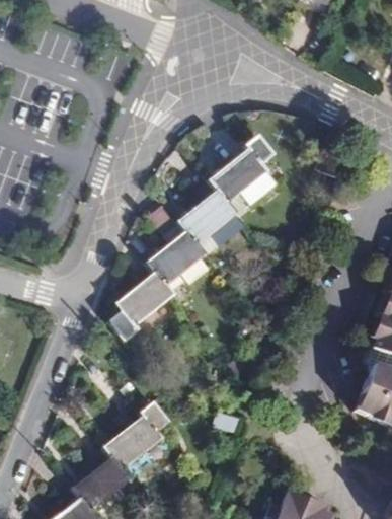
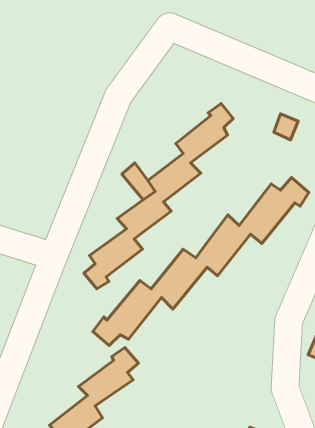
building: none -> [93,178,309,345]

